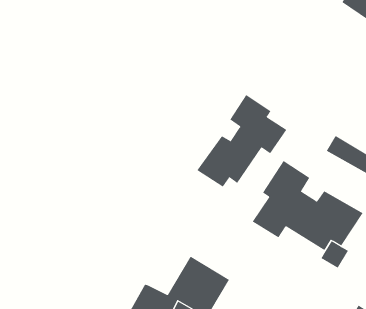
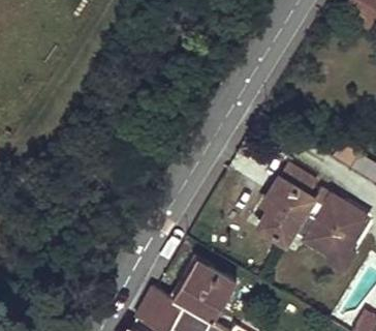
building: [197,94,287,188] -> none

